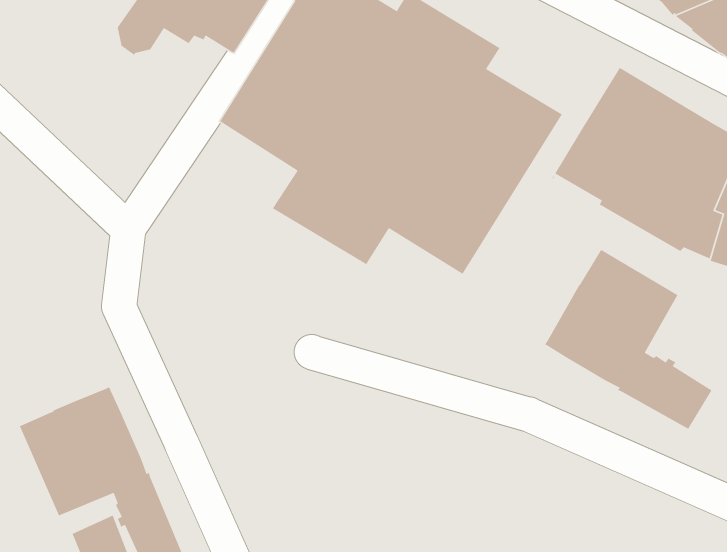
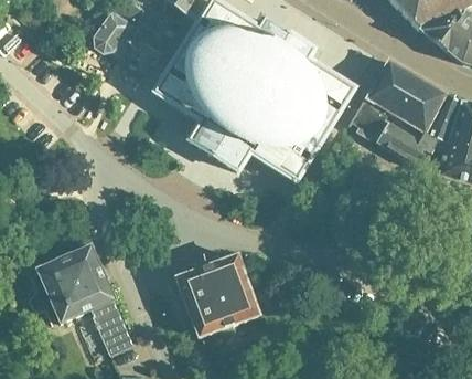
building: [544,249,713,430] -> none
building: none -> [178,255,259,337]

